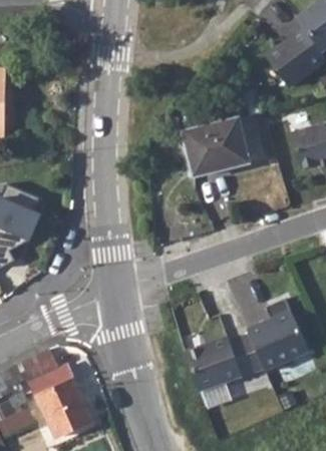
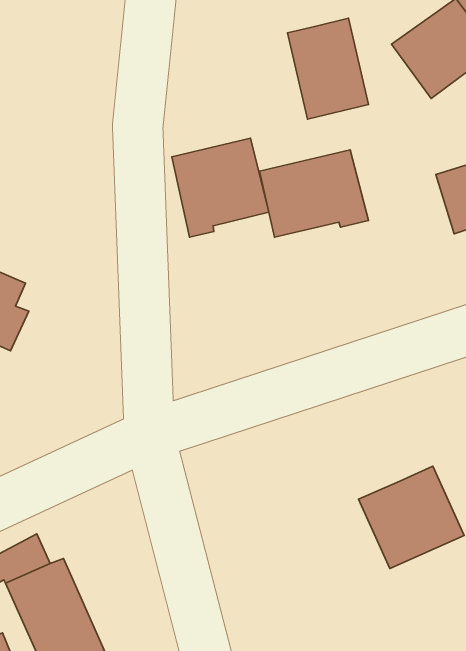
building: none -> [287,18,369,119]
building: none -> [172,138,269,237]
building: [185,331,263,396] -> none

